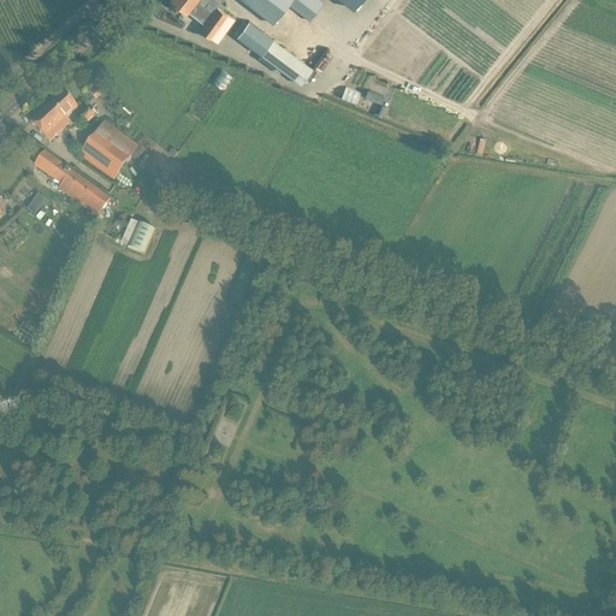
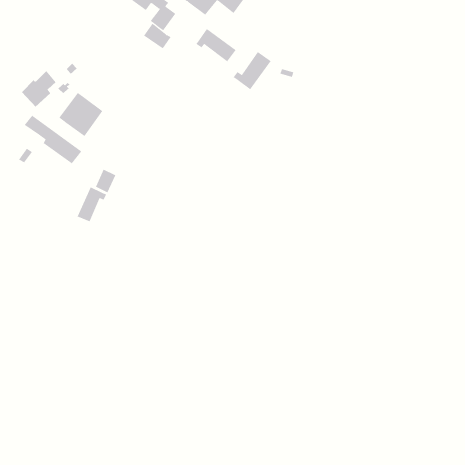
building: [235,18,272,53] -> [143,23,171,49]
building: none -> [233,51,272,90]
building: none -> [77,187,107,222]

